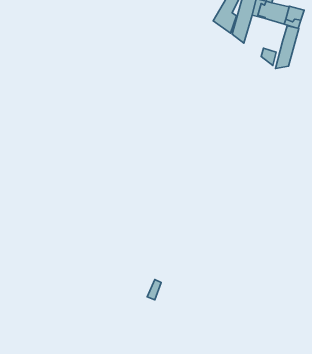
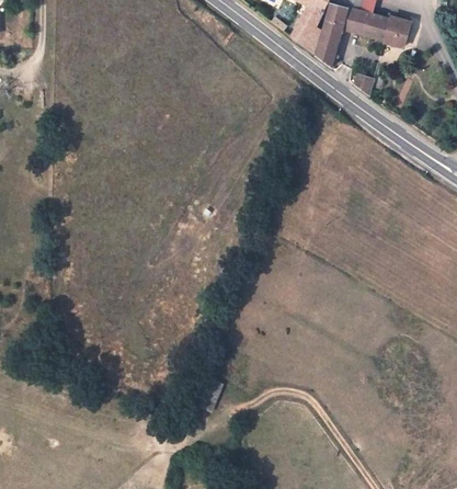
building: [276,26,299,68] -> none

